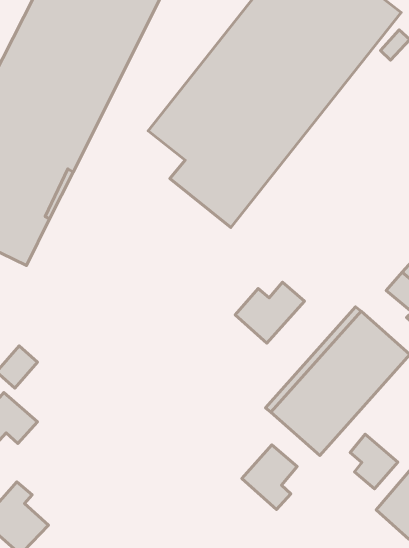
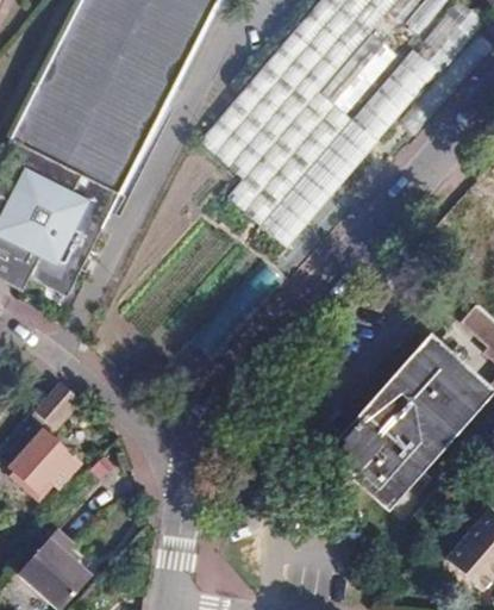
building: [235,282,304,343] -> none
building: [350,434,398,489] -> none
building: [242,445,297,510] -> none

